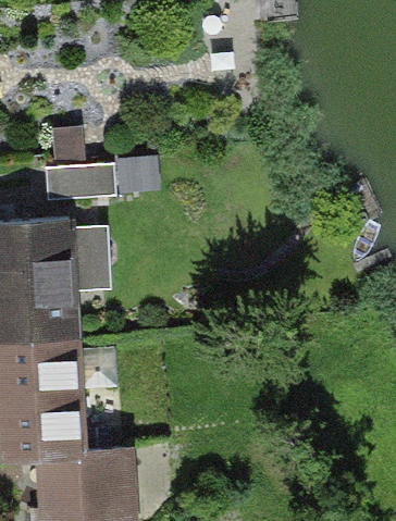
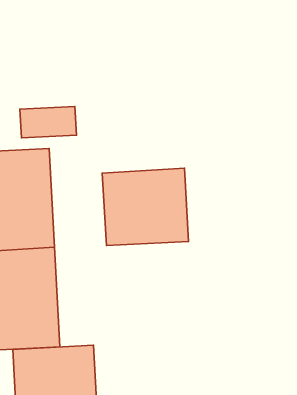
building: none -> [102,168,189,245]

